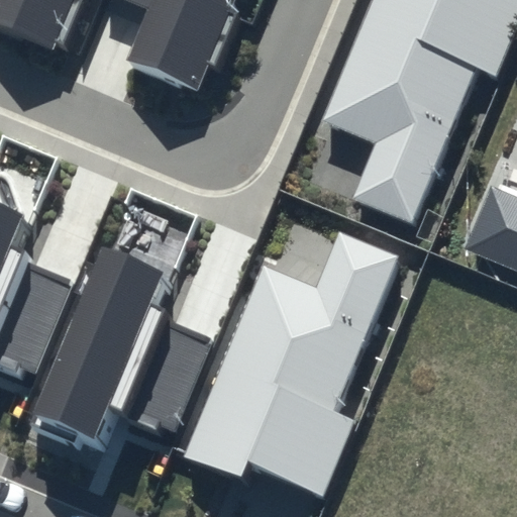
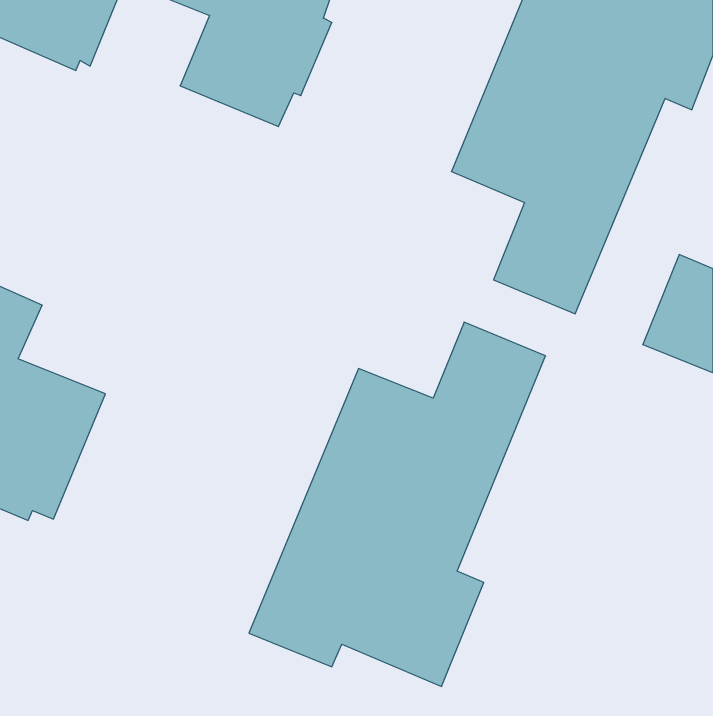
building: [31,253,215,447] -> none

